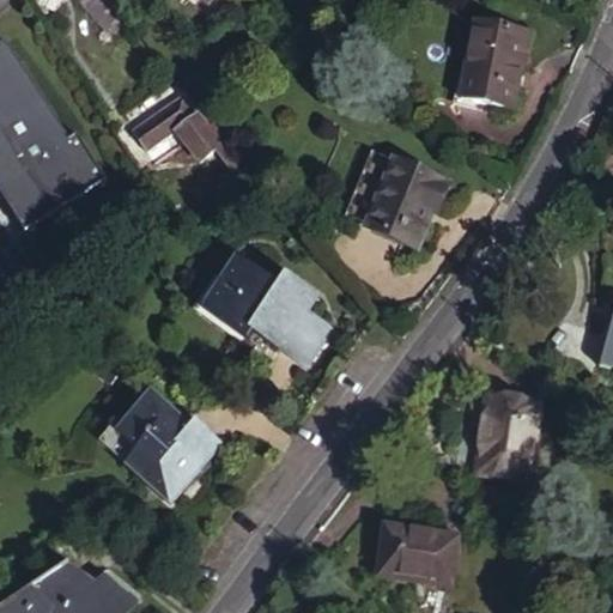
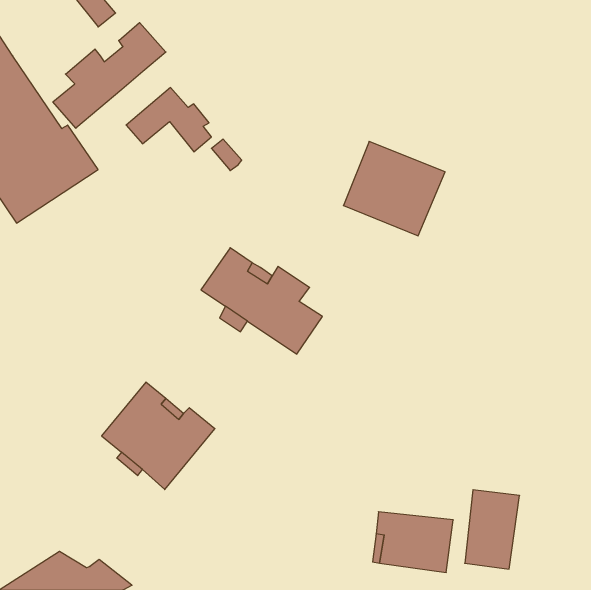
building: [457,16,528,105] -> none
building: none -> [53,23,166,128]
building: [485,395,541,477] -> [465,490,520,569]

